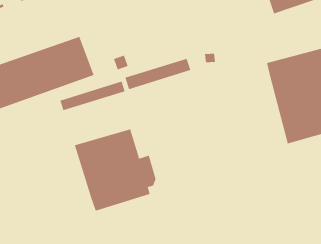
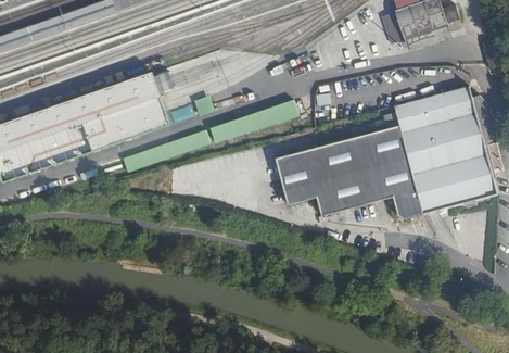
building: none -> [272,126,421,220]
building: [74,128,156,212] -> none

